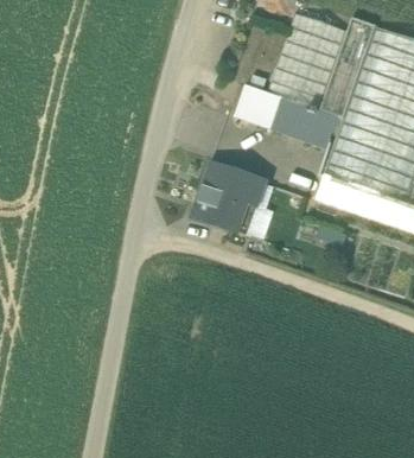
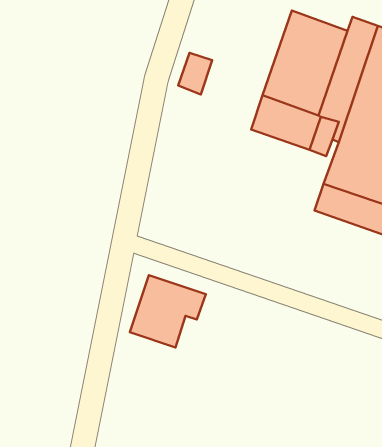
building: [235,84,267,123] -> [178,53,212,94]
building: [193,164,265,231] -> [130,275,206,347]

